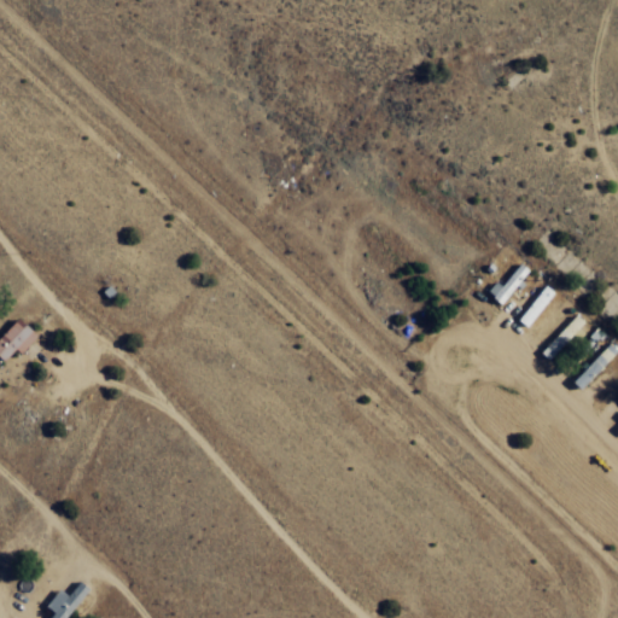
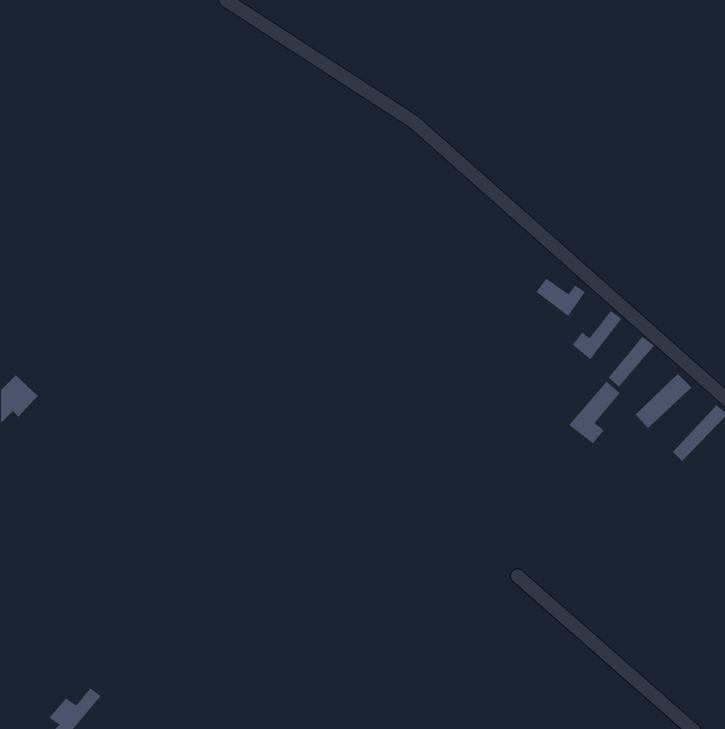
building: none -> [536,278,586,317]
building: none -> [568,381,620,444]

